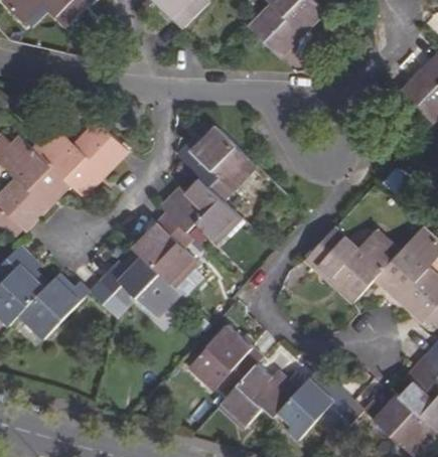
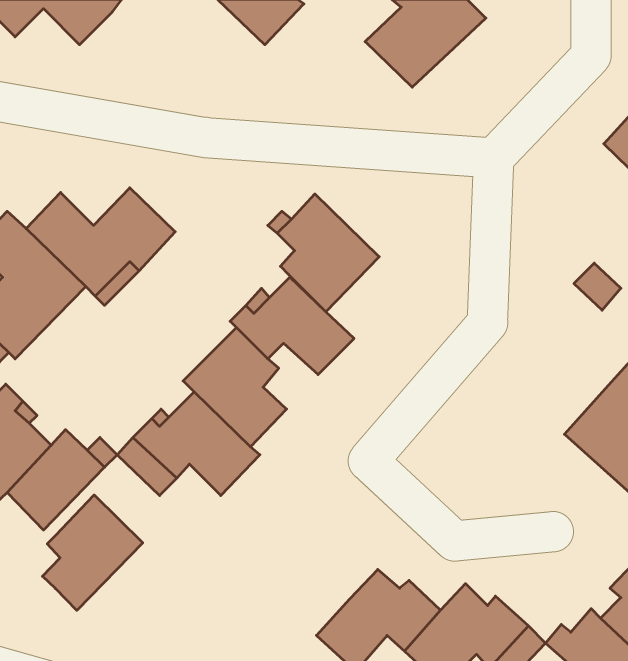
building: [306,226,403,303] -> none
building: none -> [42,495,143,610]
building: [189,328,262,391] -> none

